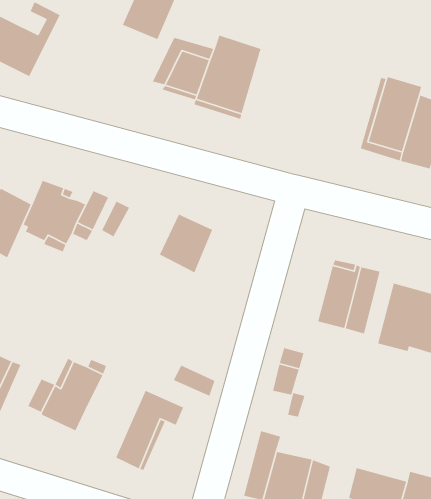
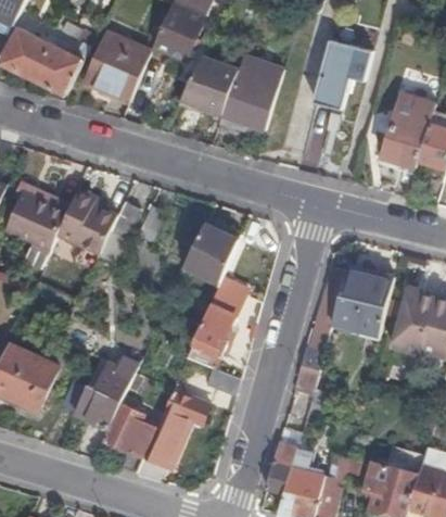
building: none -> [85,27,146,99]
building: none -> [314,39,369,108]
building: none -> [192,277,245,356]
building: none -> [104,403,160,467]

